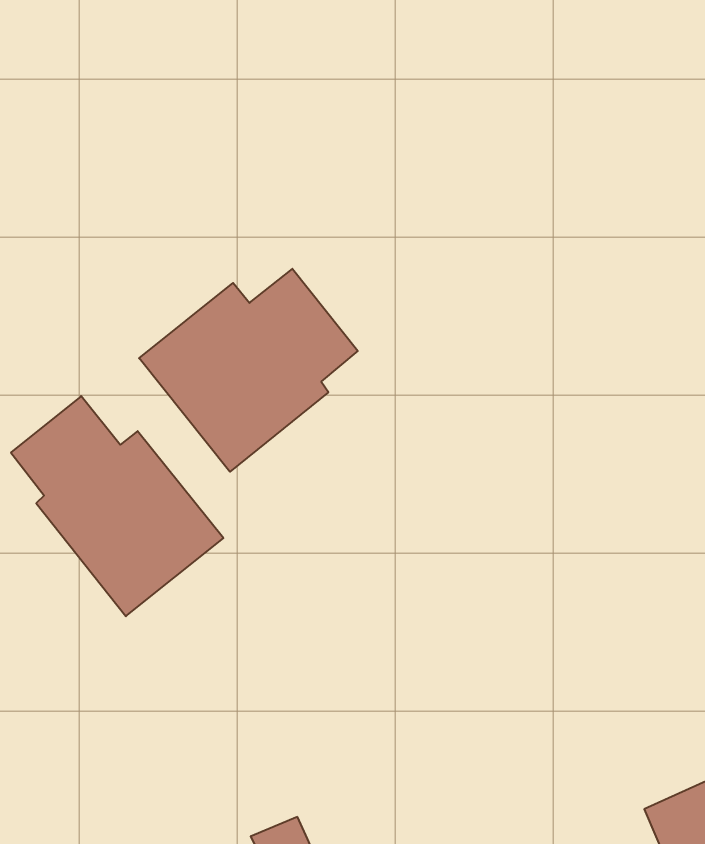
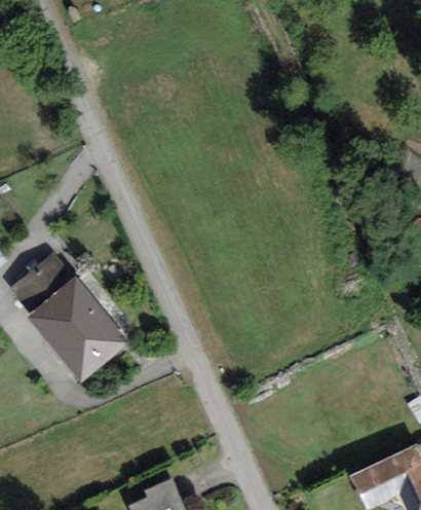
building: [139,269,358,472] -> none

